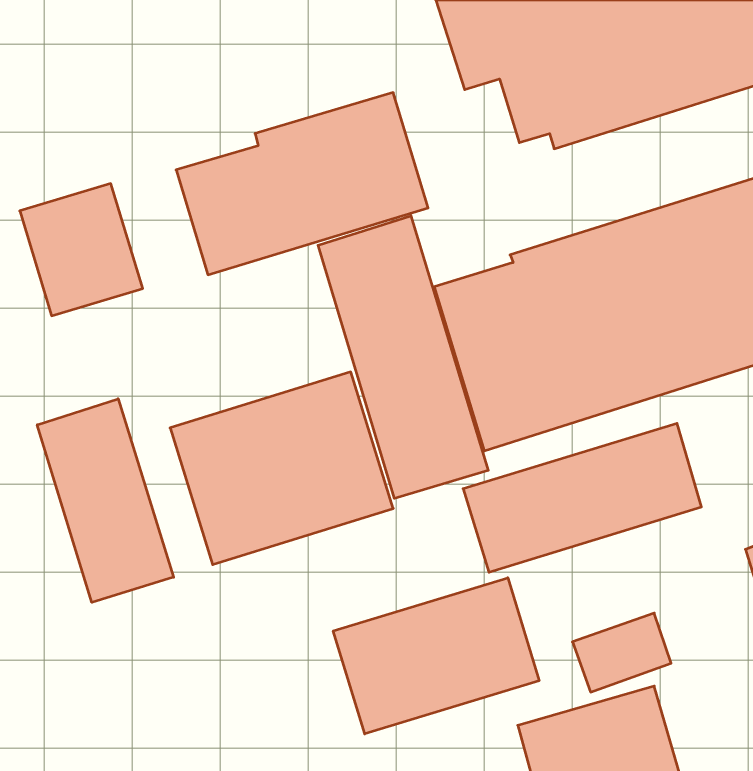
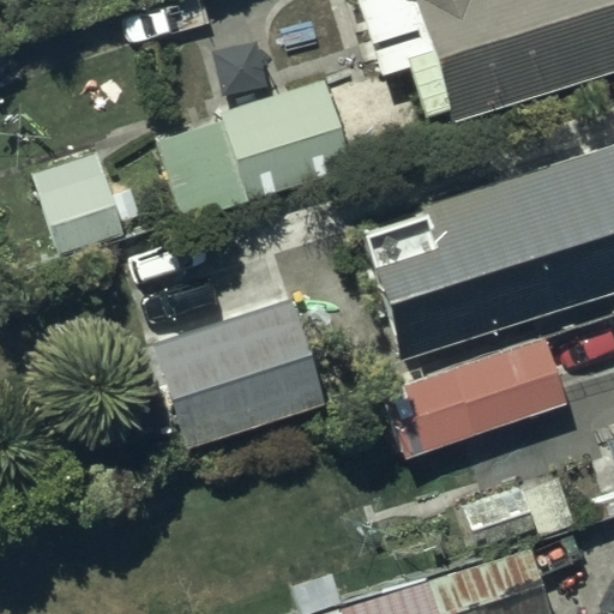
building: [318,216,488,498] -> none
building: [37,399,174,602] -> none
building: [333,578,539,734] -> none

